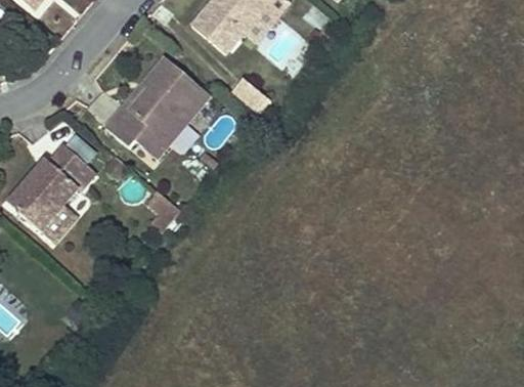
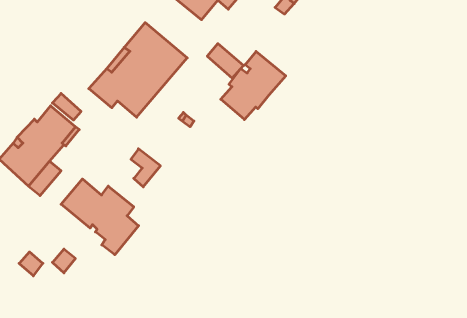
building: none -> [221,51,286,120]
building: none -> [61,179,139,255]

